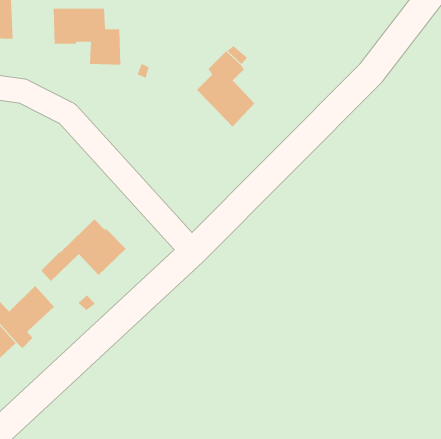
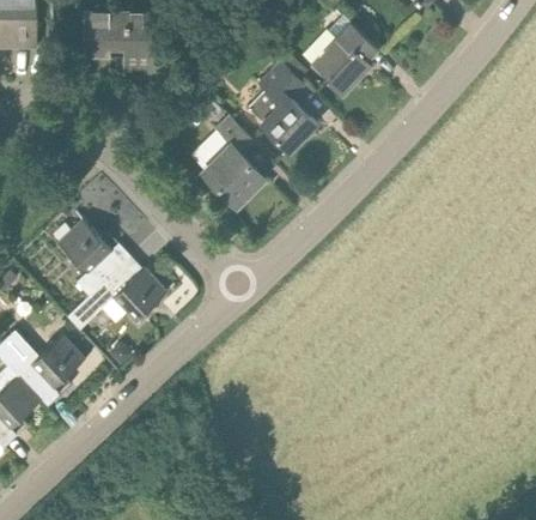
building: none -> [310,16,371,95]
building: none -> [202,117,263,205]
building: none -> [61,219,129,295]

